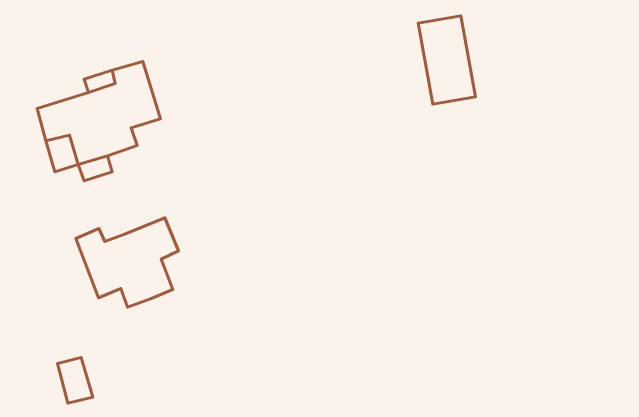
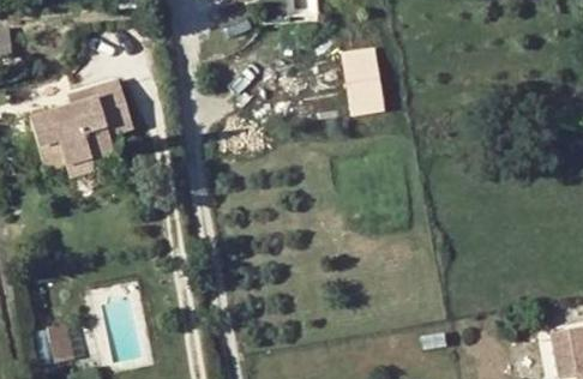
building: [76,218,178,307] -> none

